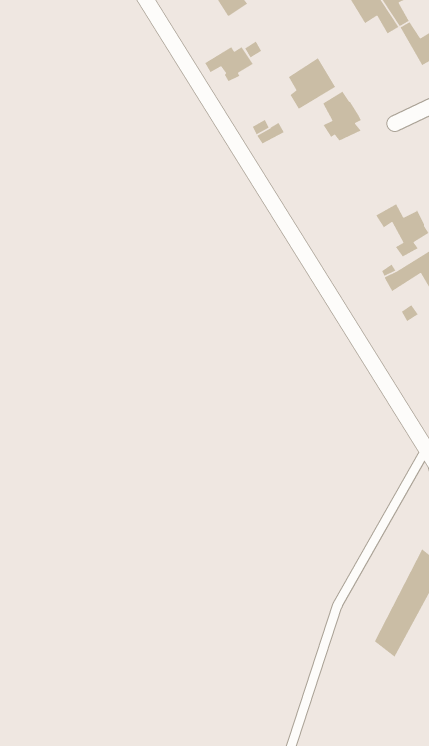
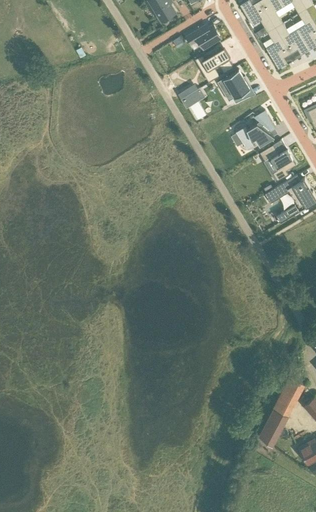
building: none -> [266,28,290,69]
building: [204,46,254,82] -> [187,26,220,50]
building: none -> [235,111,275,150]

